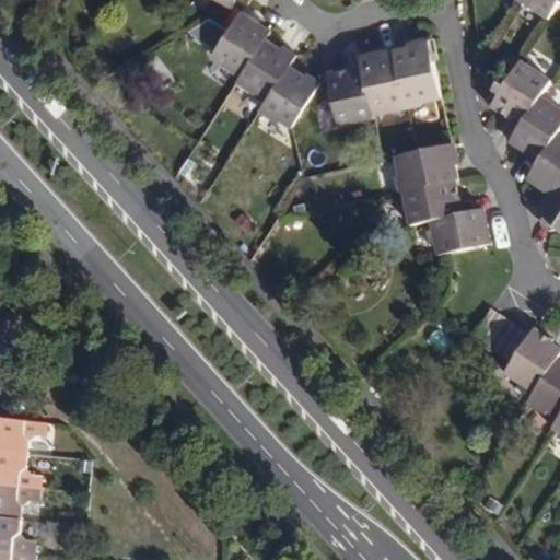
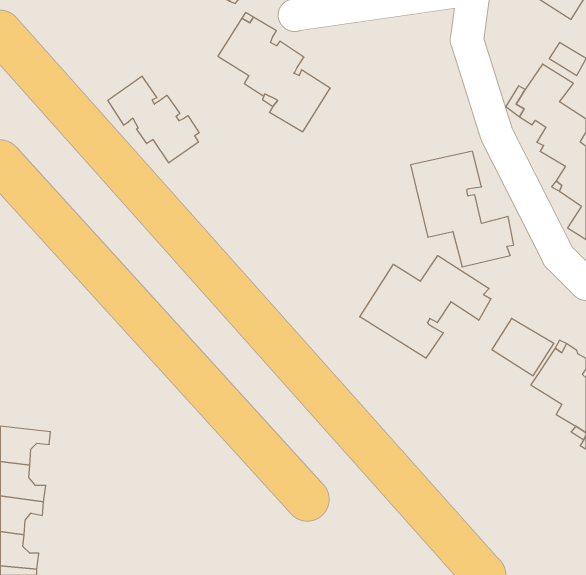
building: [327,39,440,125] -> none
building: none -> [108,76,199,163]
building: none -> [360,256,491,358]

